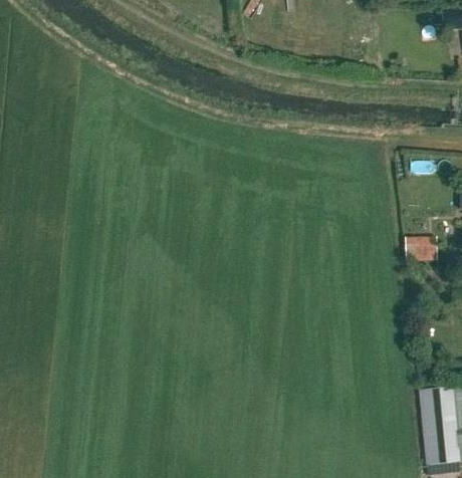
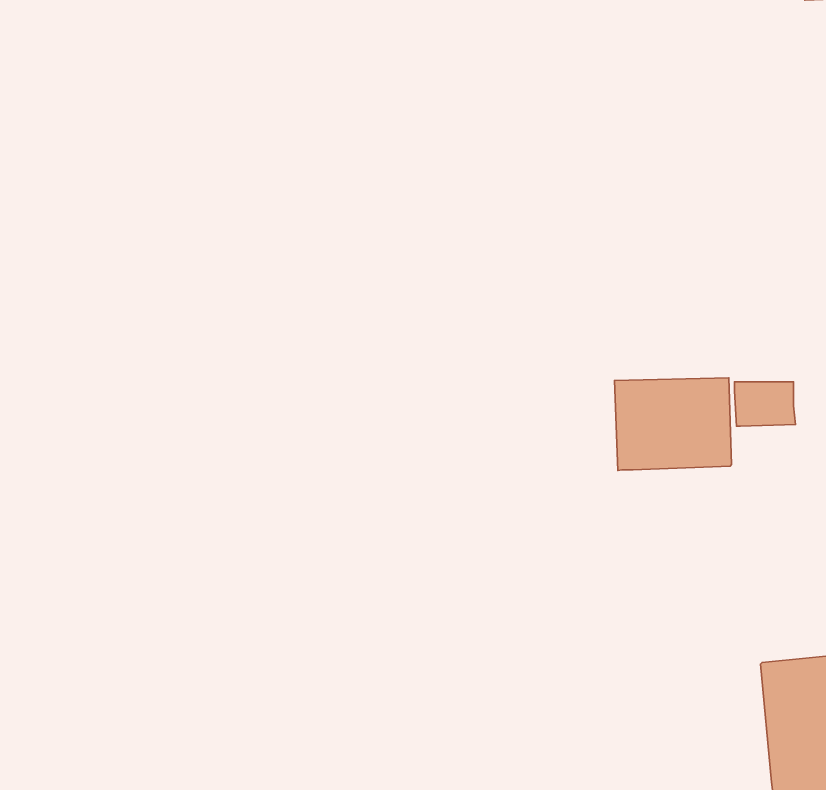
building: none -> [614,378,732,470]

